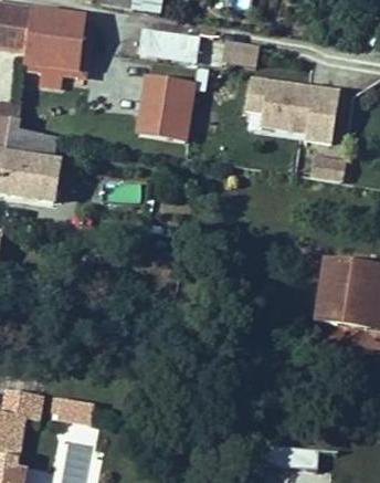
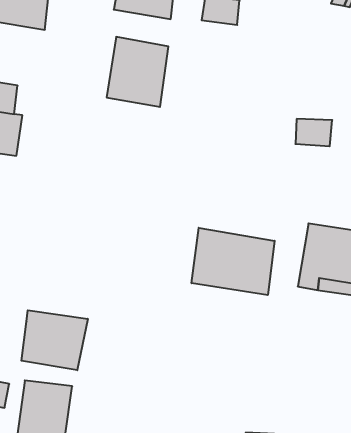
building: [241,75,341,143] -> none
building: none -> [192,228,275,295]
building: none -> [21,310,88,370]

